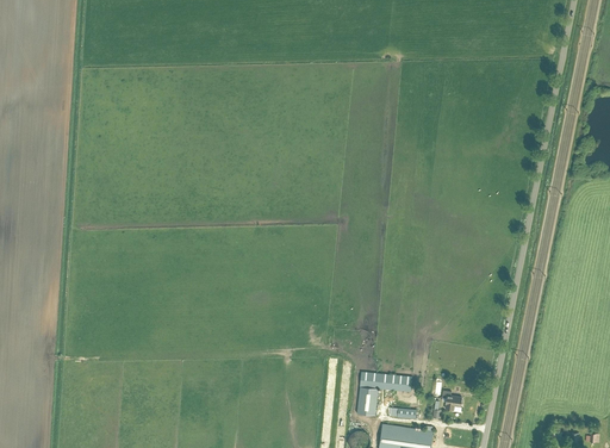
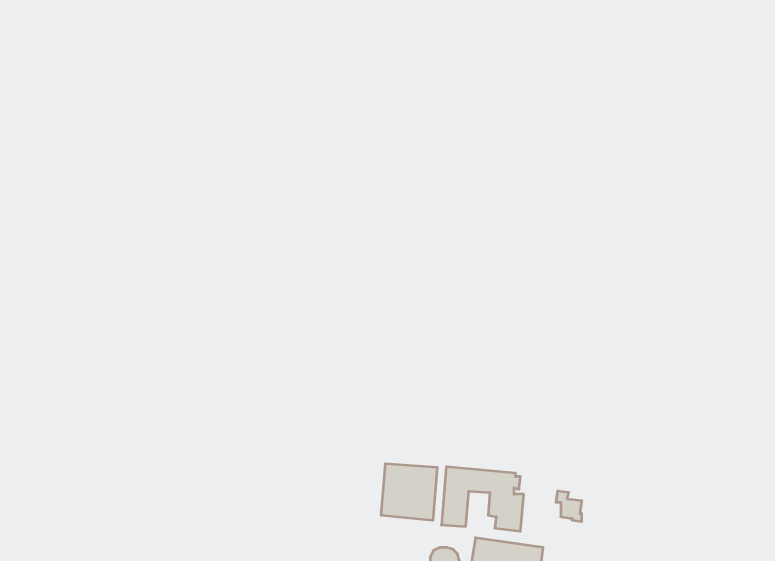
building: none -> [381,464,437,520]

